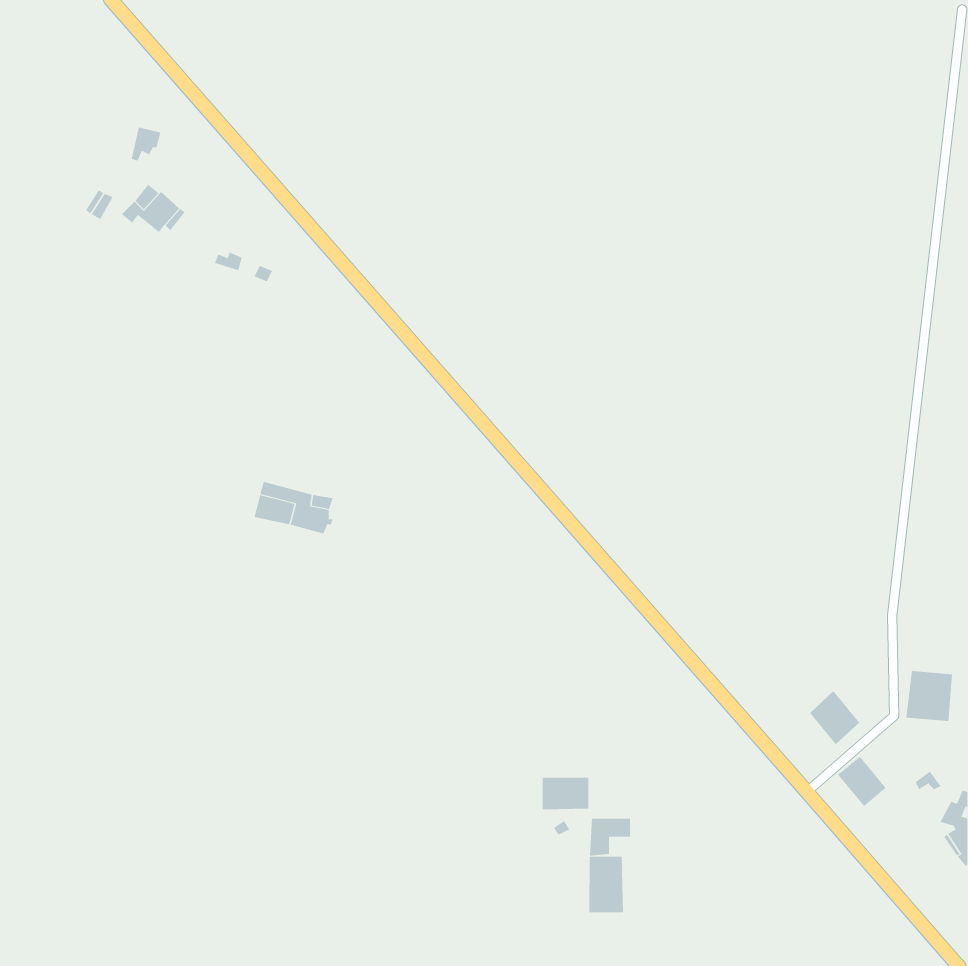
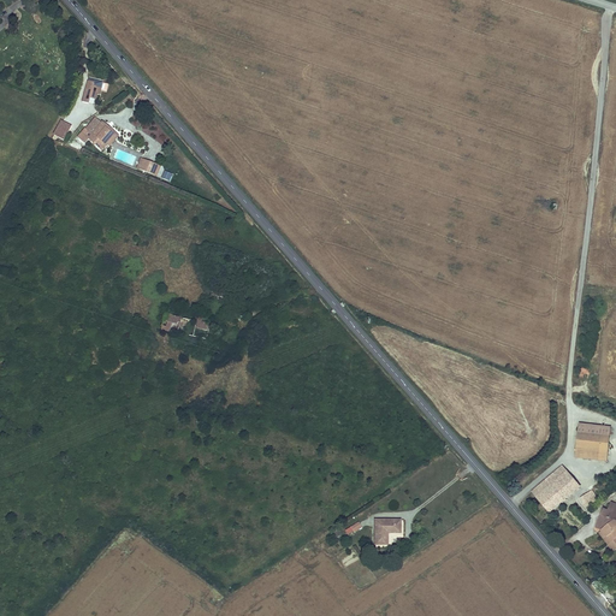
building: [809,690,860,745] -> [546,466,579,500]
building: [542,777,589,810] -> none
building: [589,856,623,913] -> none

